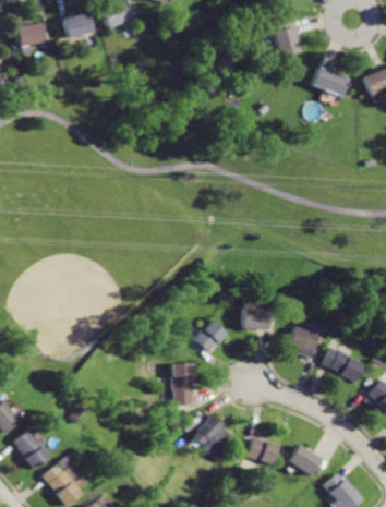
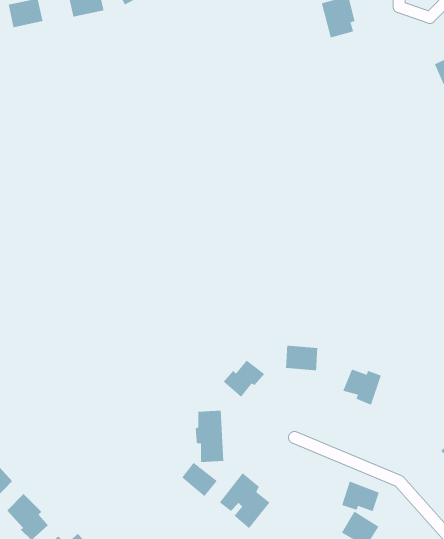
building: [312,65,350,96] -> none
building: [324,345,367,383] -> none
building: none -> [181,462,218,497]
building: [244,436,276,462] -> [341,480,380,512]

